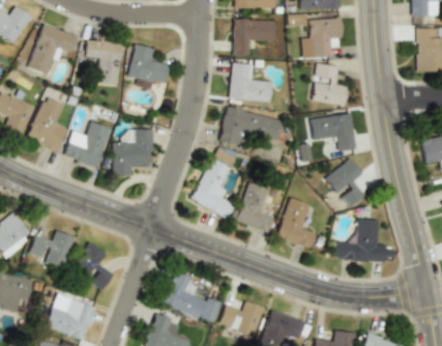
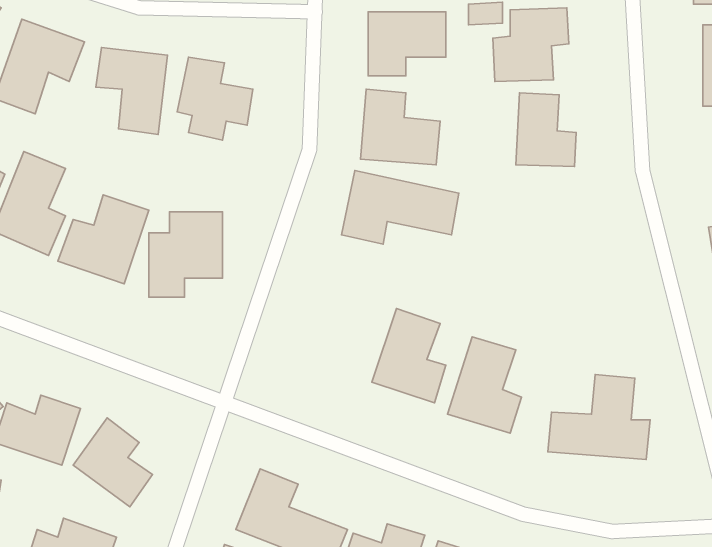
building: [310,113,356,152] -> none
building: [189,145,238,220] -> none
building: [324,158,366,209] -> none

